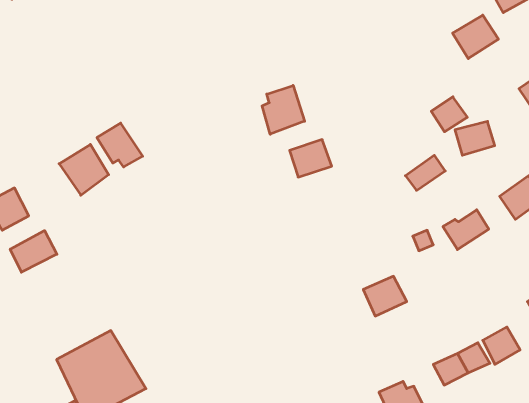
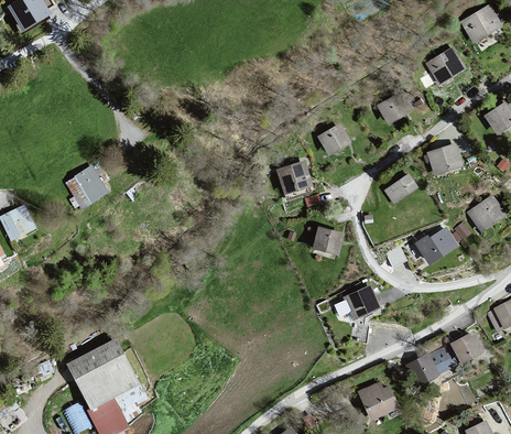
building: [262,85,305,134] -> none
building: [431,97,467,132] -> [378,94,411,126]
building: none -> [318,124,352,158]
building: [97,123,143,167] -> none
building: none -> [313,226,345,257]
building: [10,231,57,272] -> none

